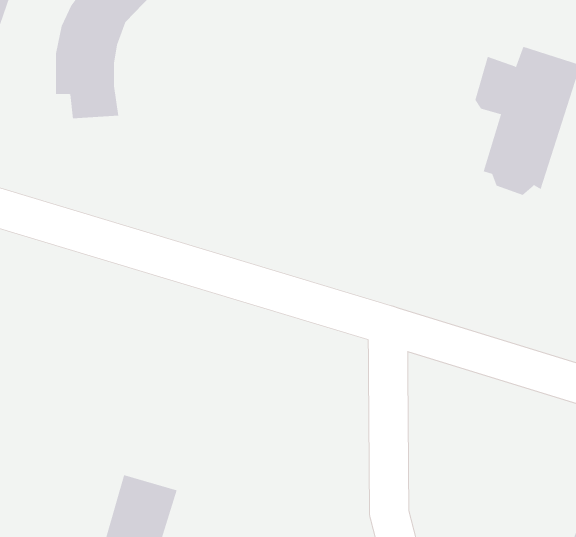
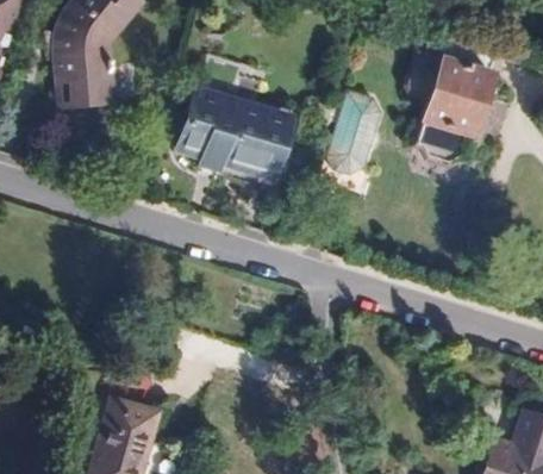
building: none -> [326,88,381,176]
building: none -> [181,98,288,186]

